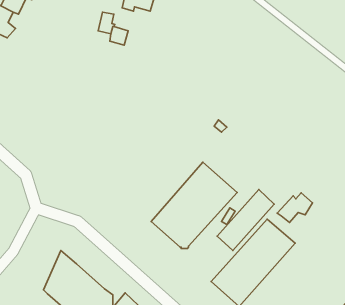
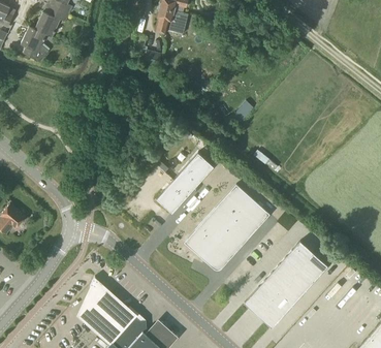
building: [217,189,274,251] -> [156,153,213,214]
building: [277,193,312,223] -> none

